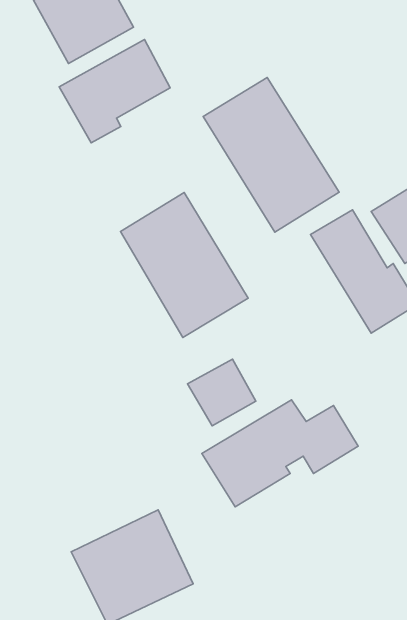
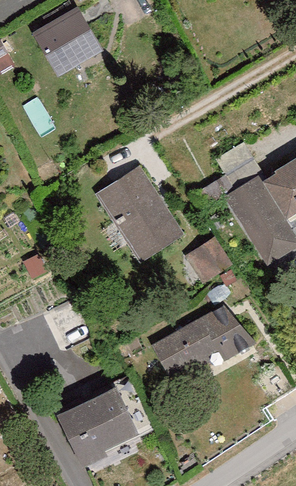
building: [59,40,170,143] -> none
building: [203,78,339,232] -> none
building: [188,359,256,426] -> [178,234,225,280]

